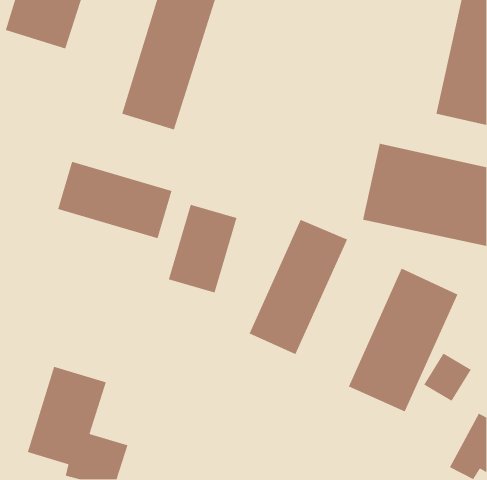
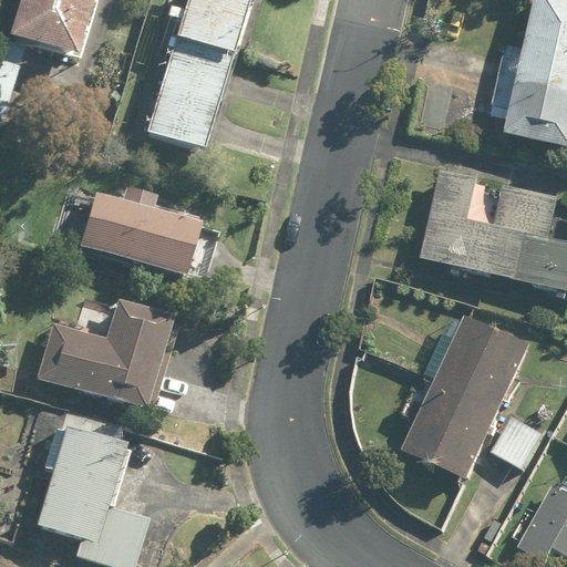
building: [168,204,237,294] -> none
building: [249,219,348,355] -> none
building: none -> [34,297,173,409]

